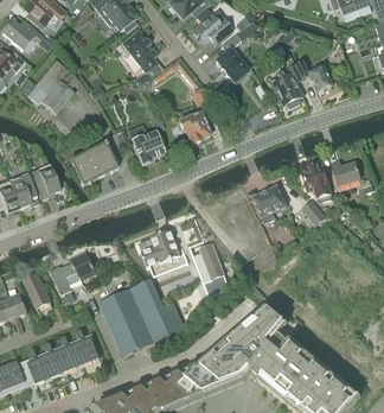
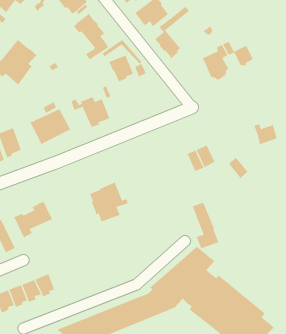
building: [179,112,209,144] -> [109,55,134,82]
building: [305,164,333,201] -> none
building: [198,241,230,297] -> [192,202,219,249]
building: [100,278,185,355] -> none

